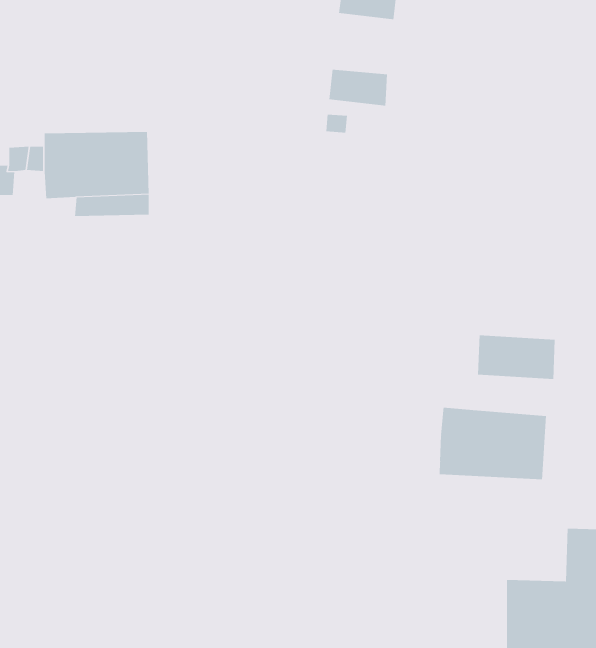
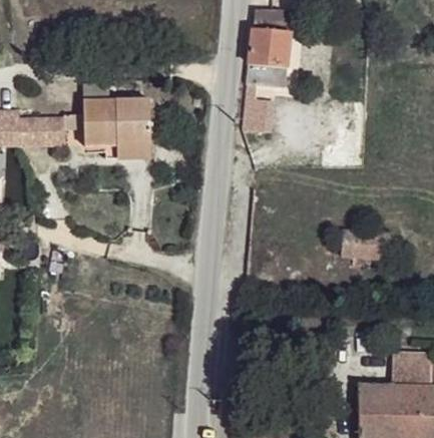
building: none -> [251,29,290,67]
building: [439,407,547,480] -> none

